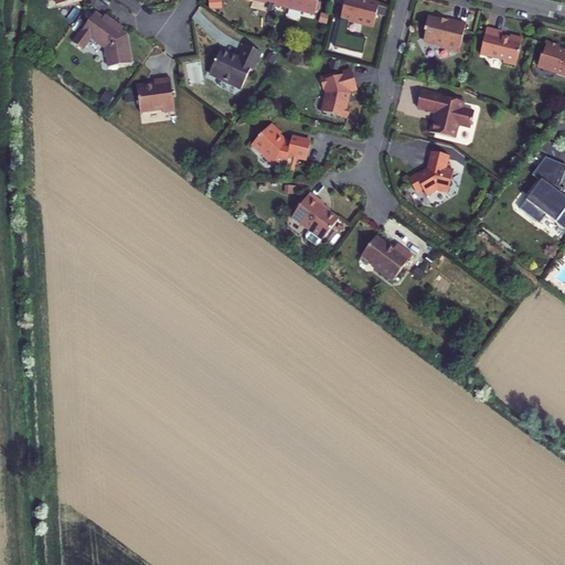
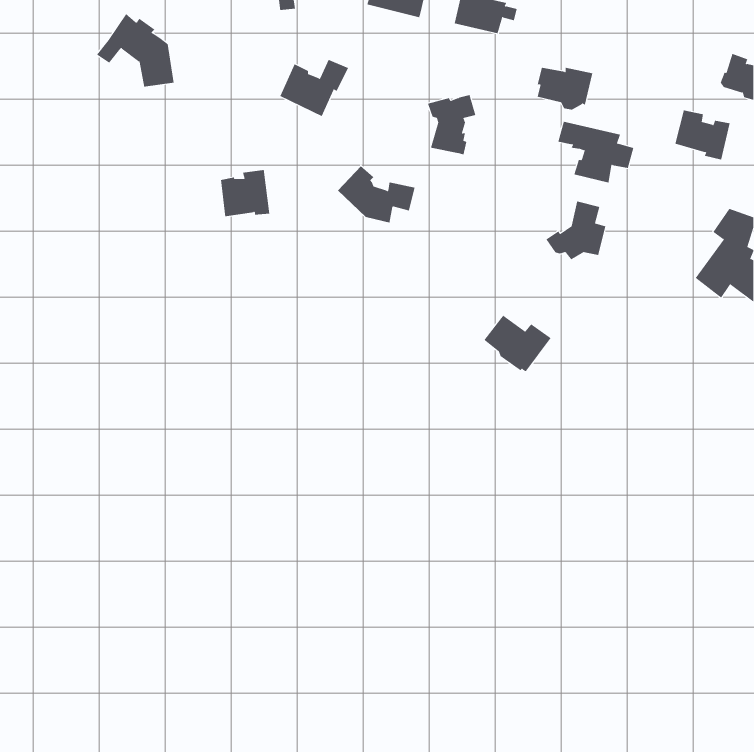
building: [423,17,465,49] -> [537,67,593,110]
building: [479,26,521,64] -> [674,110,731,160]
building: [136,76,173,111] -> [220,170,270,217]
building: [290,192,338,245] -> none

